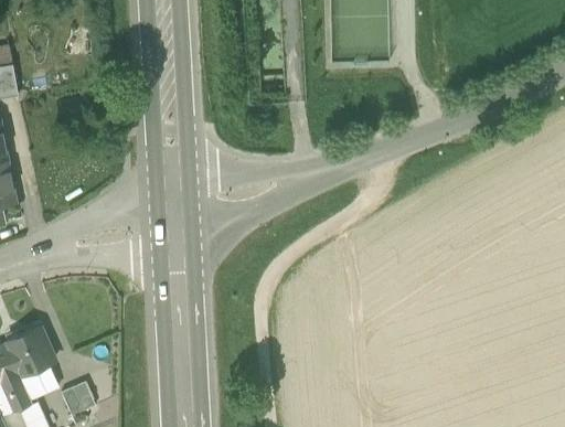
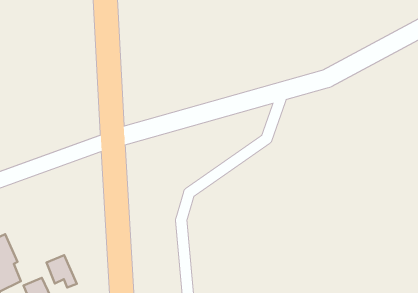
building: none -> [46,255,77,288]

